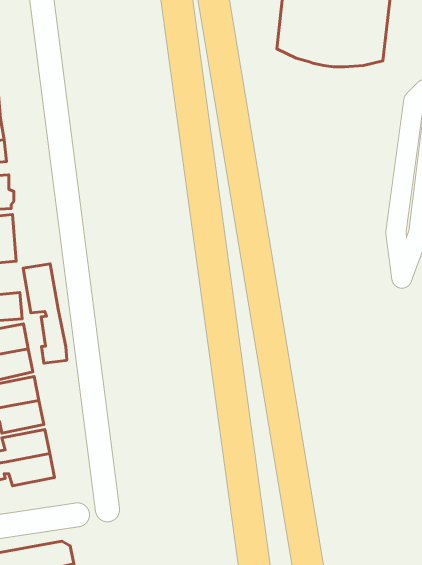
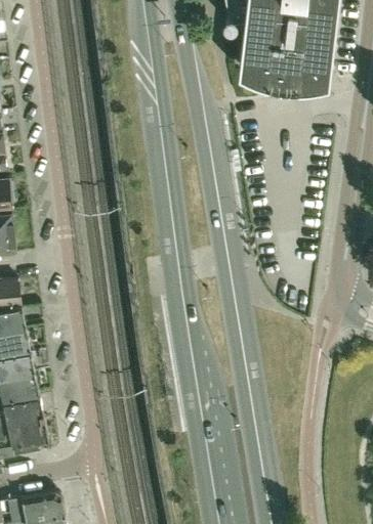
building: [23,264,67,363] -> none

